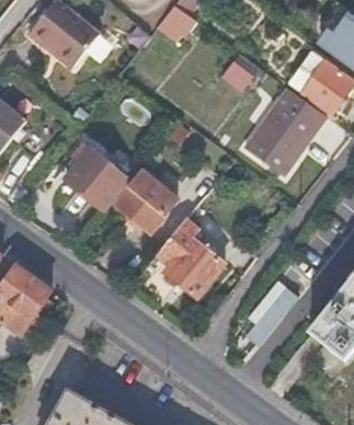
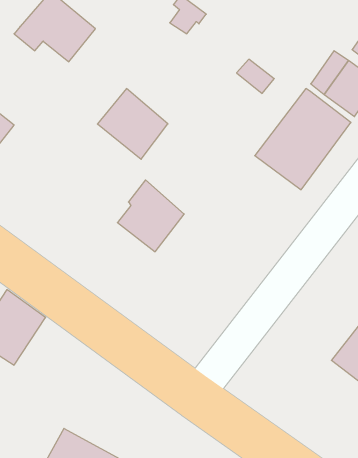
building: [65,146,128,209] -> [97,89,168,159]
building: [156,221,224,298] -> none
building: [240,278,298,346] -> none

